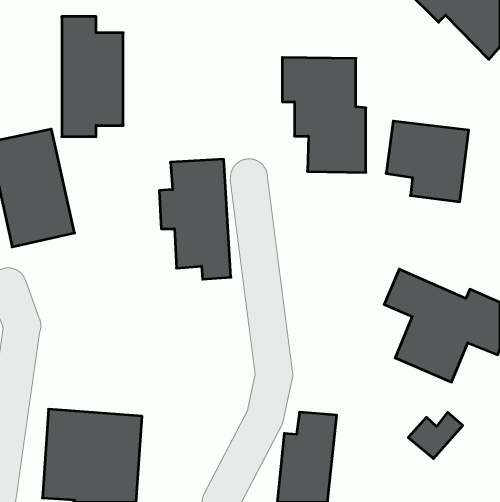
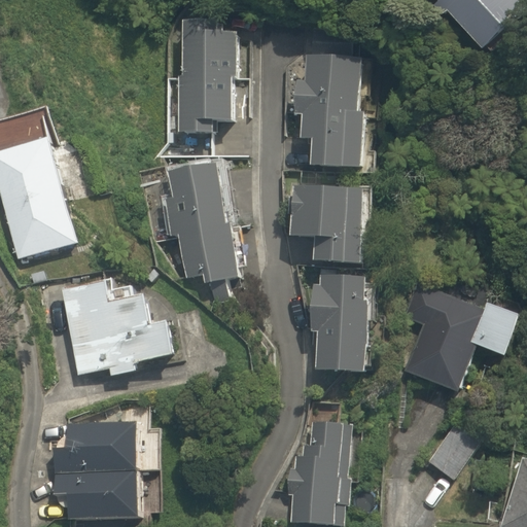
building: [62,17,123,137] -> [173,9,236,132]
building: [386,121,469,202] -> [290,185,375,268]
building: none -> [60,269,182,379]
building: none -> [308,281,381,381]

